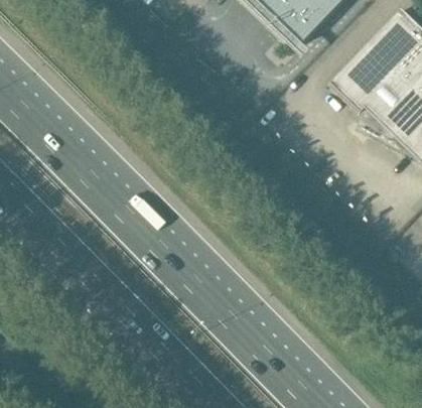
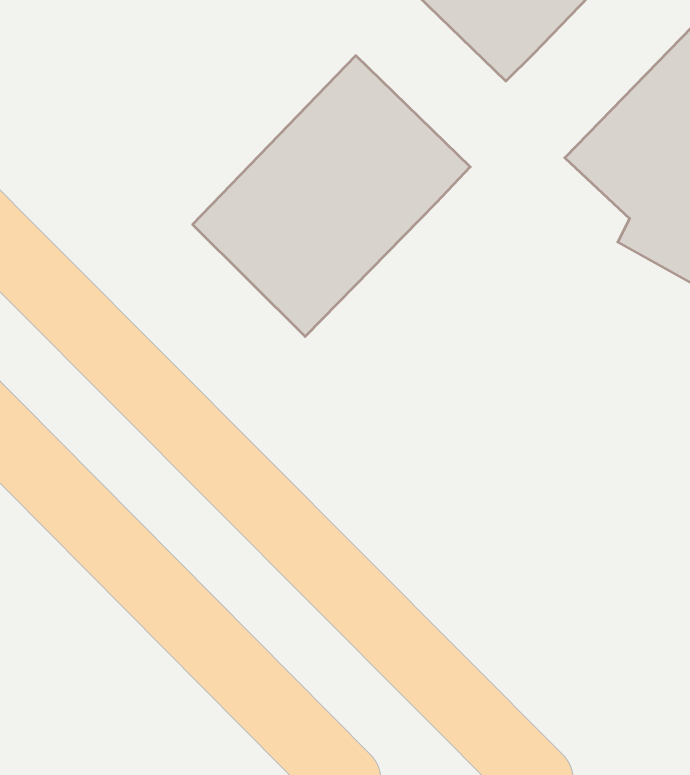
building: none -> [193,56,470,337]

